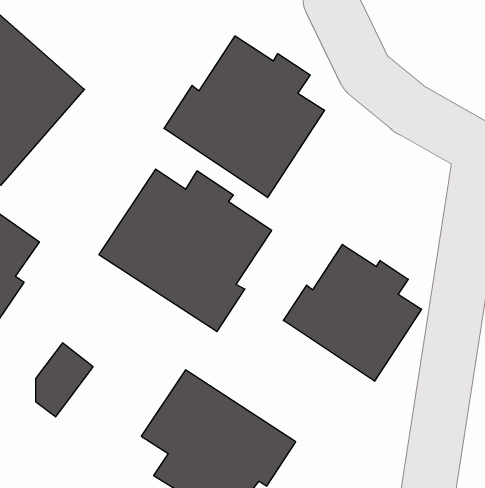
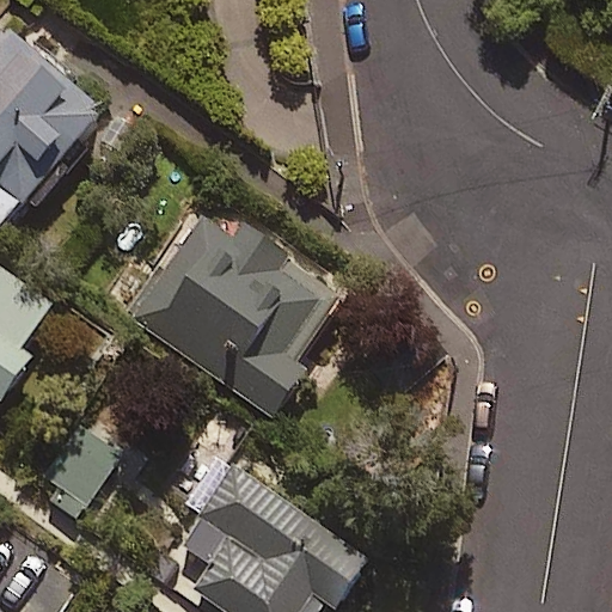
building: [164,36,325,198] -> none
building: [283,244,422,381] -> none

